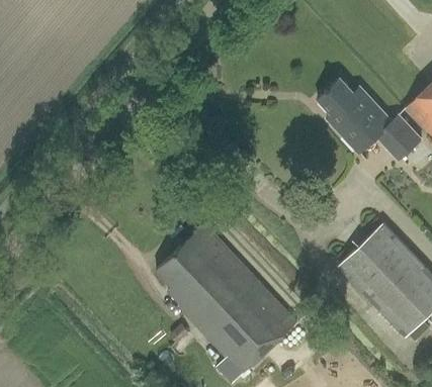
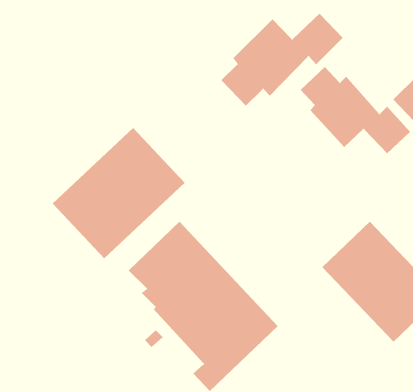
building: none -> [221,13,344,106]
building: none -> [52,127,185,259]

